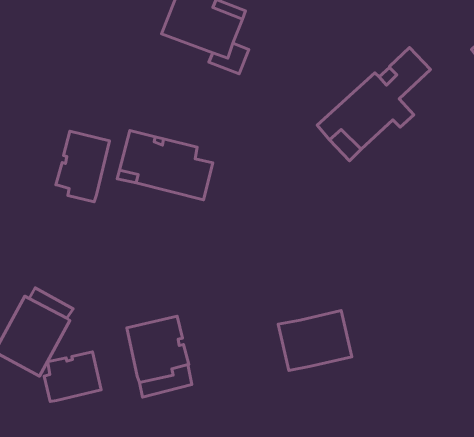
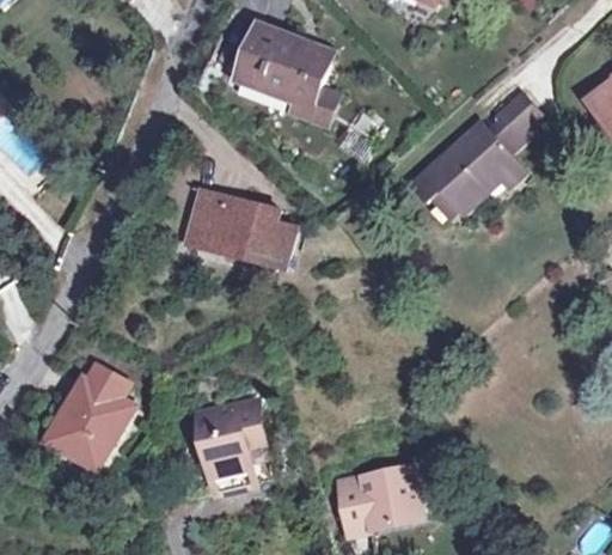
building: [56,131,109,202] -> none
building: [278,311,352,370] -> [335,465,418,533]
building: [44,352,101,401] -> none

